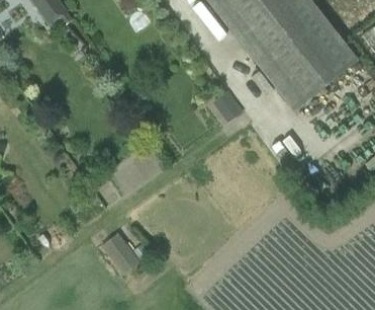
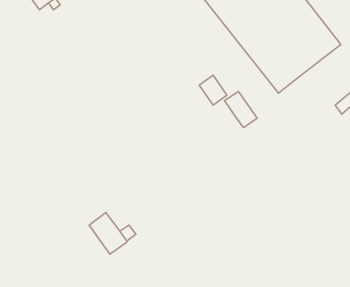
building: none -> [224,91,257,128]

